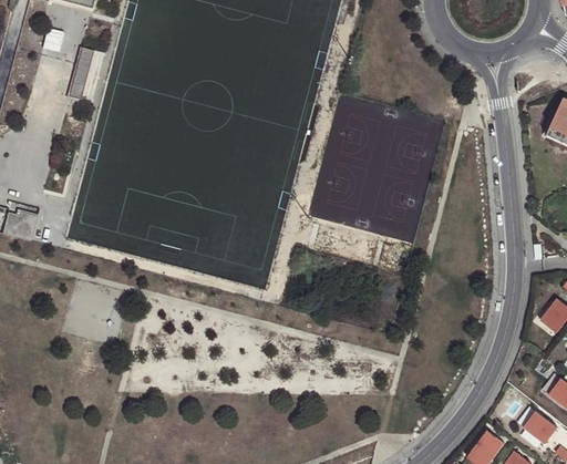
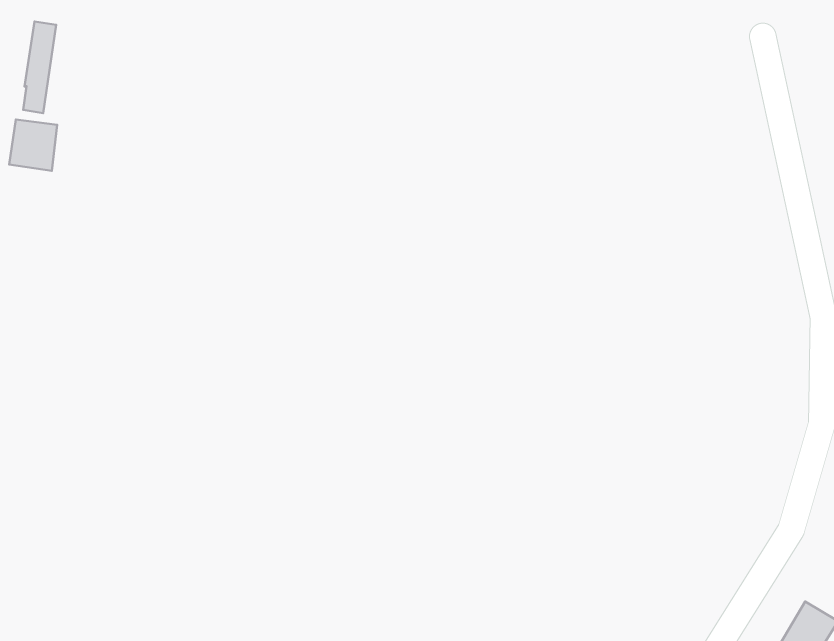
building: none -> [9,120,57,171]

